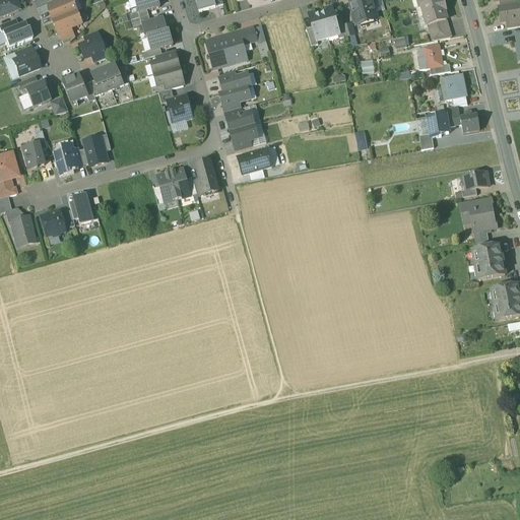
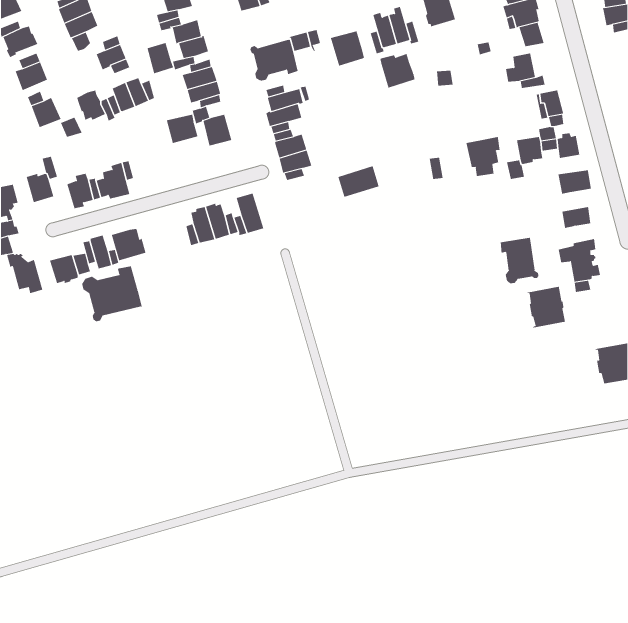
building: none -> [330,31,364,66]
building: none -> [147,42,174,74]
building: none -> [380,53,415,89]
building: none -> [166,114,198,144]
building: none -> [466,136,500,177]
building: none -> [558,169,591,195]
building: [238,147,272,174] -> [338,166,379,198]
building: none -> [111,228,146,261]
building: none -> [500,237,539,284]
building: none -> [81,266,143,322]
building: [472,244,505,278] -> [526,286,566,328]

